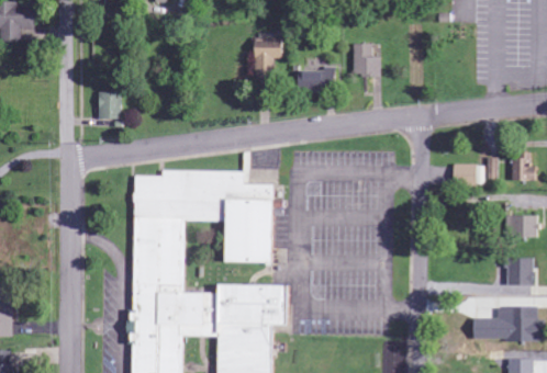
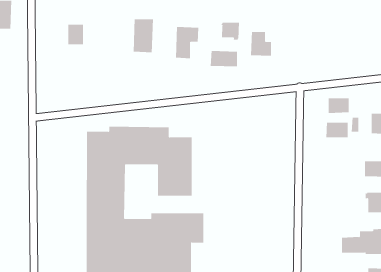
building: none -> [133,18,153,53]
building: none -> [221,22,239,40]
building: [97,91,119,118] -> [67,24,84,45]
building: none -> [328,98,349,114]

